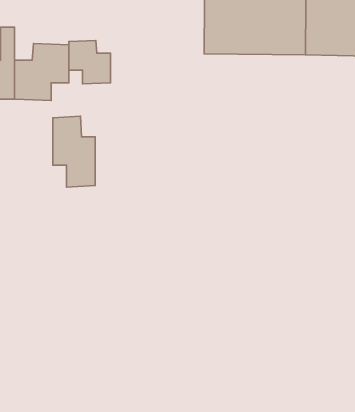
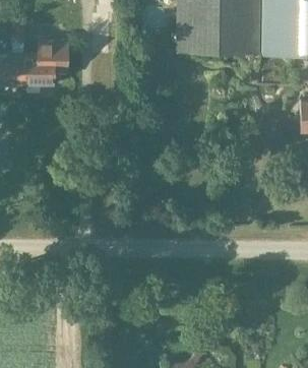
building: [69,41,111,84] -> none
building: [53,116,95,187] -> none

